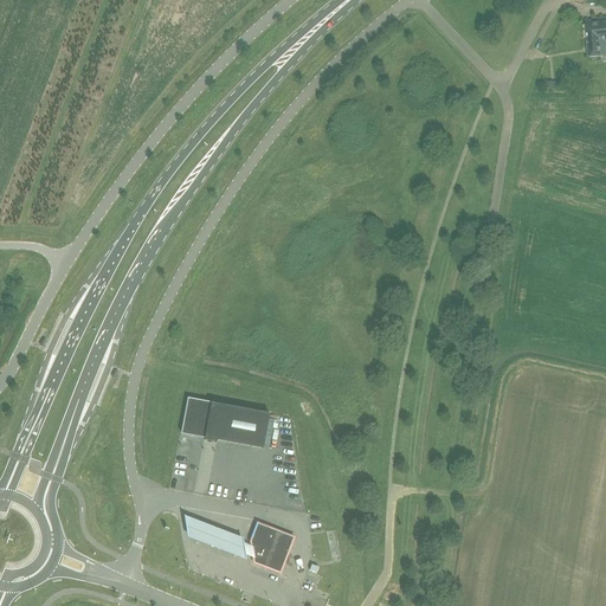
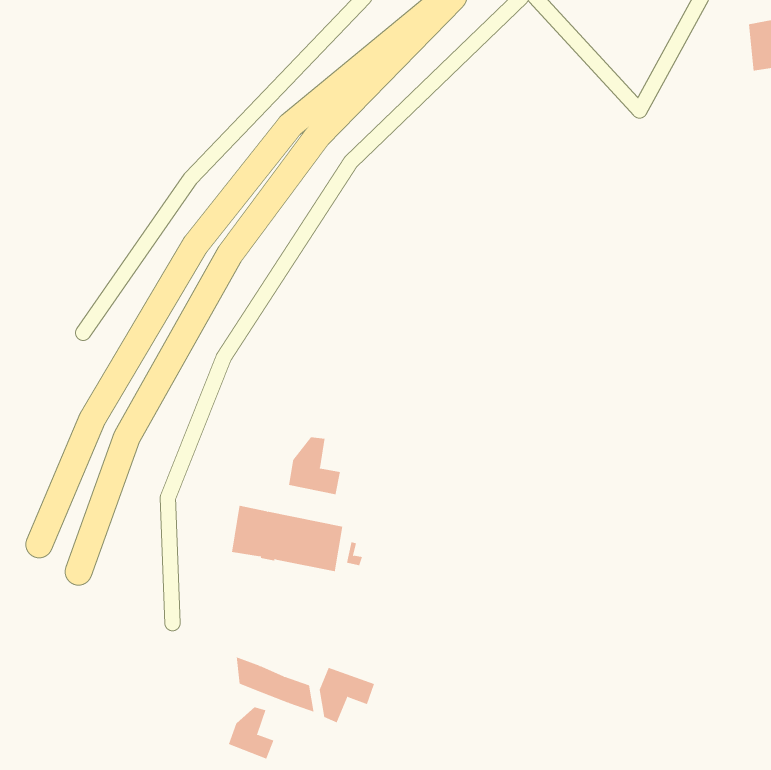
building: none -> [289,436,341,495]
building: none -> [228,706,274,760]

